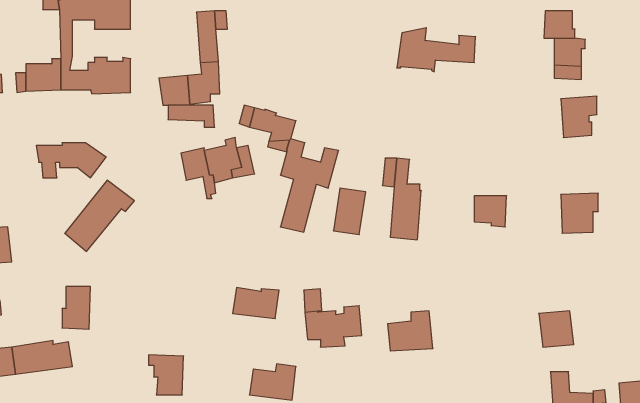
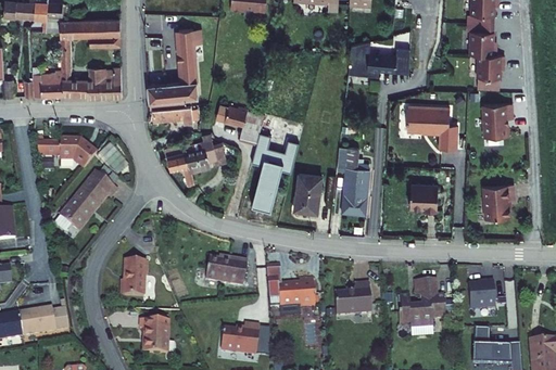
building: none -> [407,103,458,148]
building: [62,287,90,329] -> [117,260,141,296]
building: none -> [401,280,448,328]

